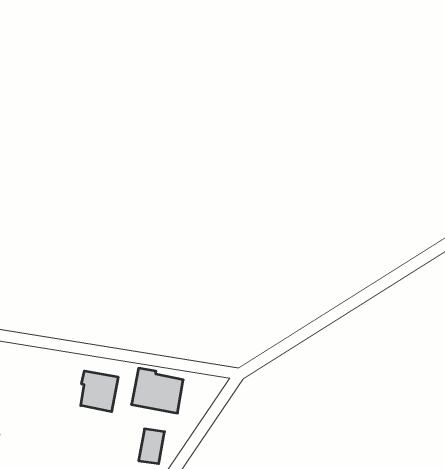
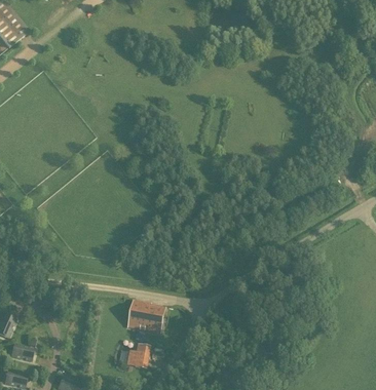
building: [81,371,118,412] -> none

